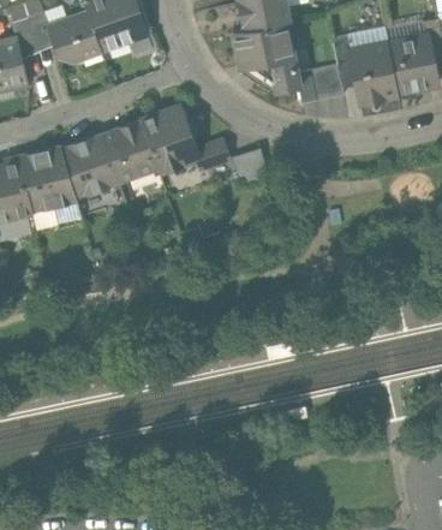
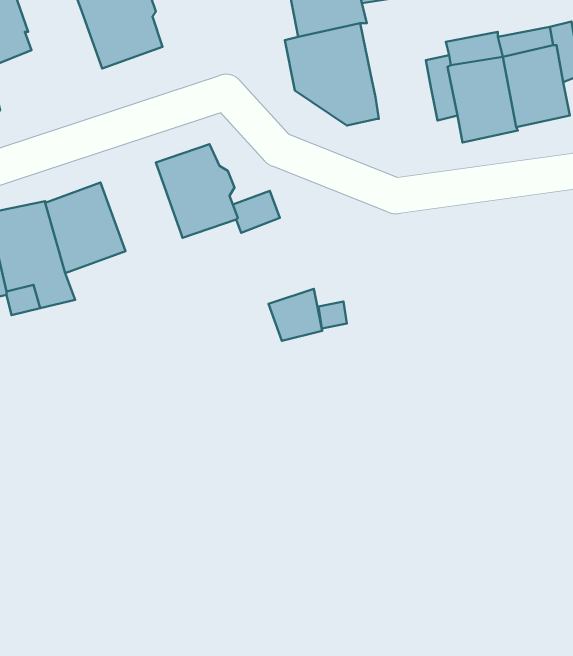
building: [47,12,102,64] -> none
building: [298,66,344,105] -> none
building: [101,120,159,184] -> none
building: [229,149,268,186] -> [269,289,322,341]

